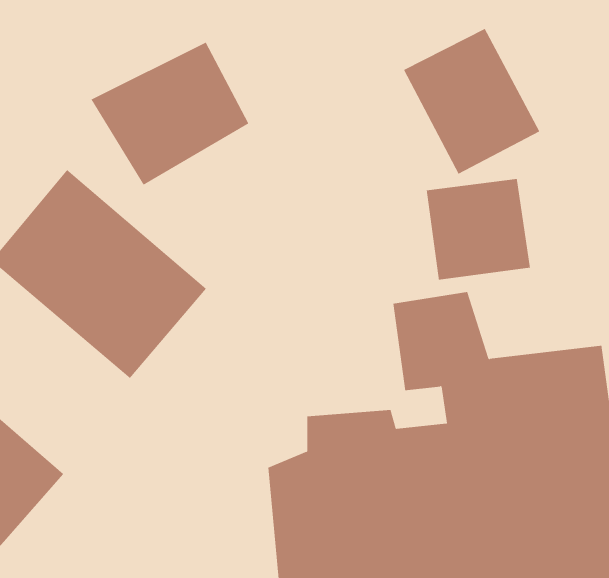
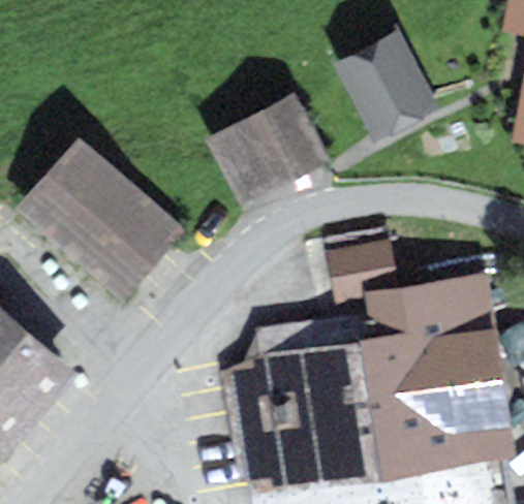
building: [91,42,249,185] -> [205,96,327,207]
building: [426,178,530,280] -> none

